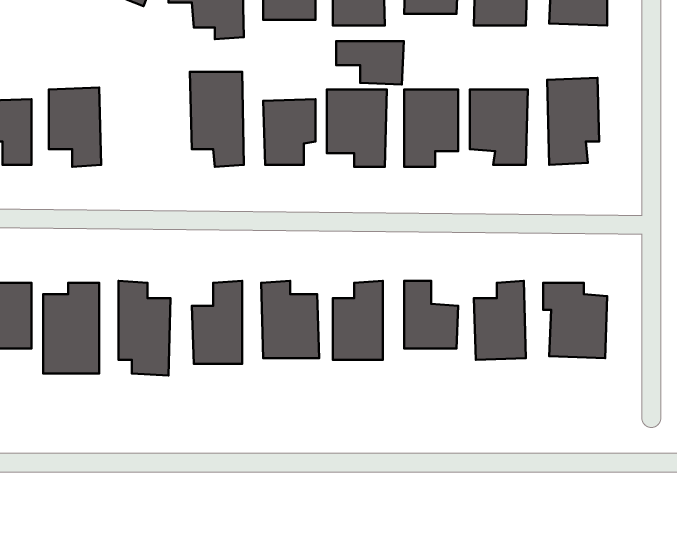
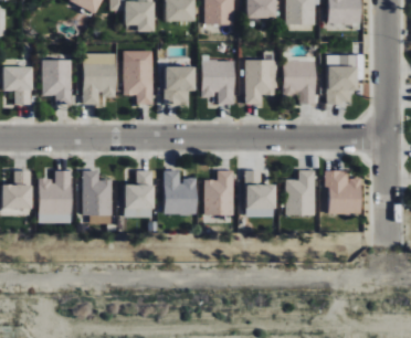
building: [336,41,404,85] -> none
building: none -> [82,53,116,104]

